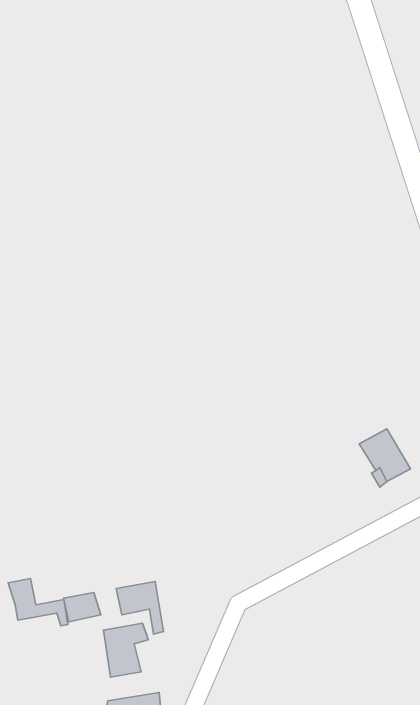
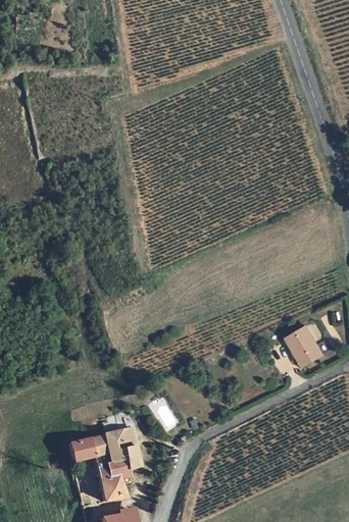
building: [8,579,68,626] -> [89,435,133,470]

